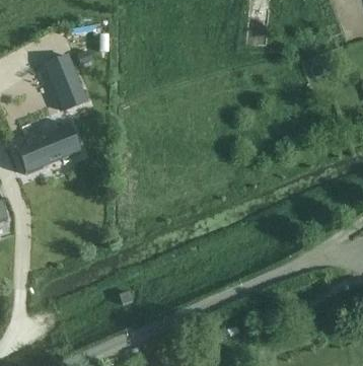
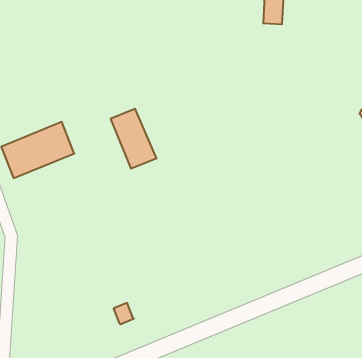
building: [45,56,86,109] -> [111,109,157,168]

